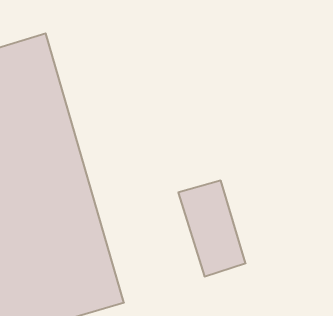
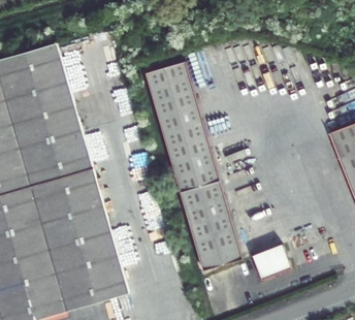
building: none -> [144,59,221,191]
building: none -> [252,243,291,279]

